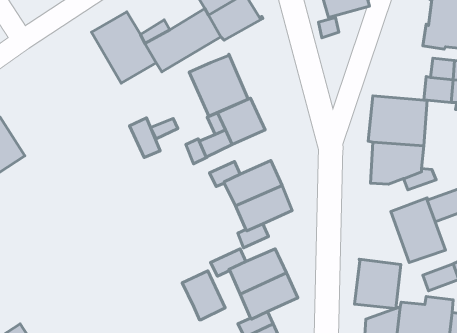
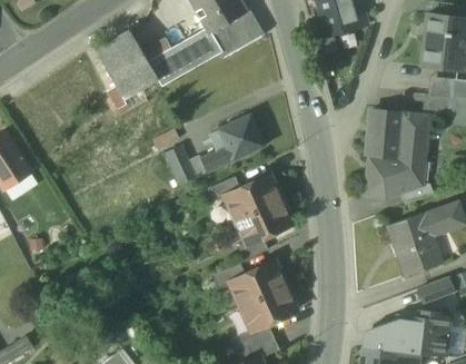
building: [189,54,248,116] -> none
building: [130,118,160,158] -> [166,146,196,185]
building: [354,259,401,308] -> none
building: [182,271,225,320] -> none

